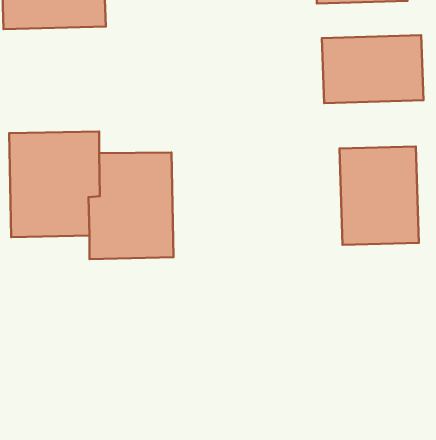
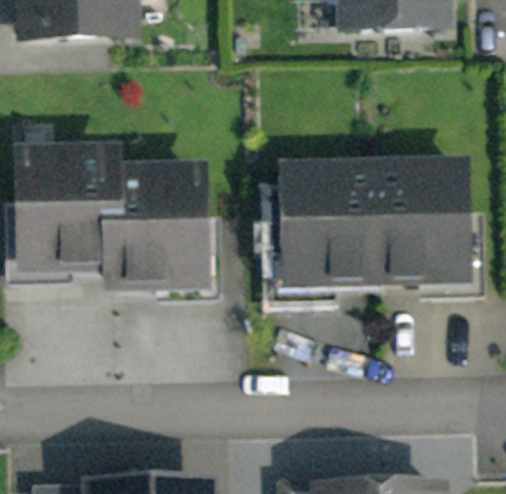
building: [322,35,423,103] -> none
building: none -> [283,170,365,274]

